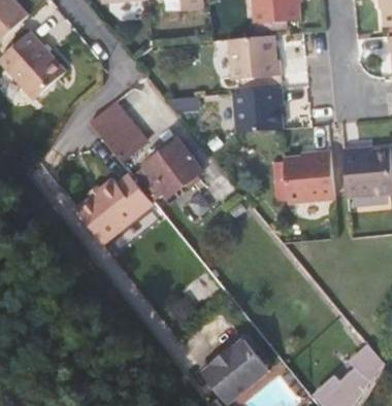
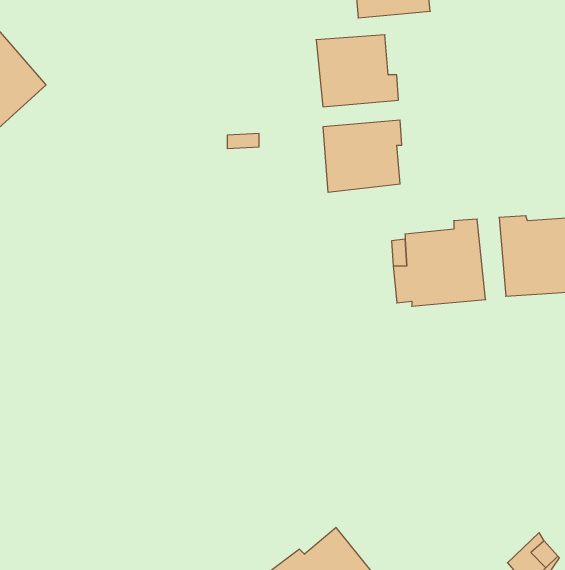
building: [89,101,145,161] -> none
building: [144,139,200,198] -> none
building: [74,171,153,240] -> none

